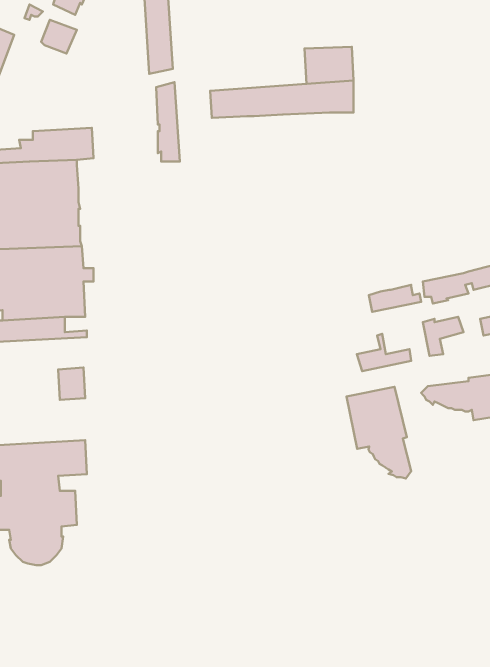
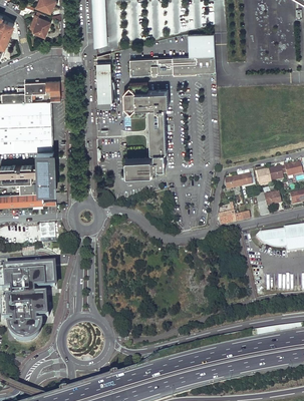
building: none -> [125,82,169,176]
building: [346,387,411,479] -> none

